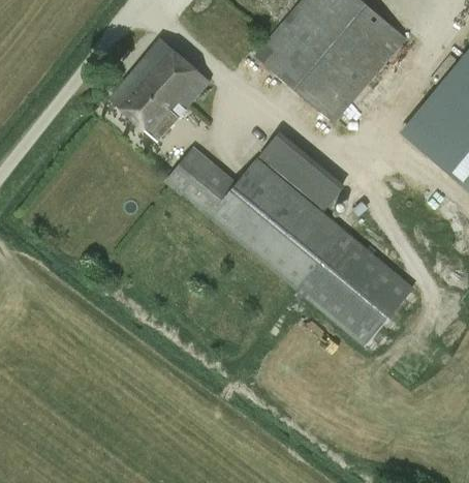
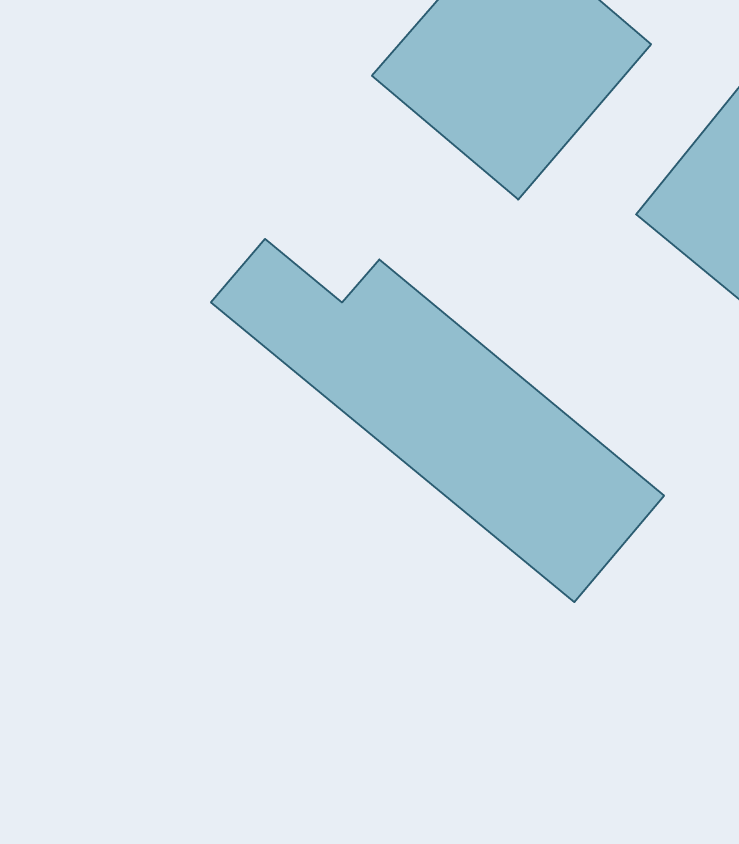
building: [111,38,211,140] -> none
building: [259,131,346,211] -> none

